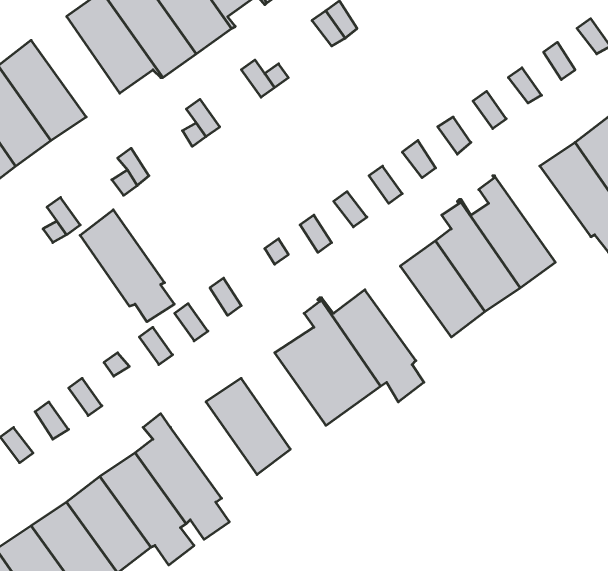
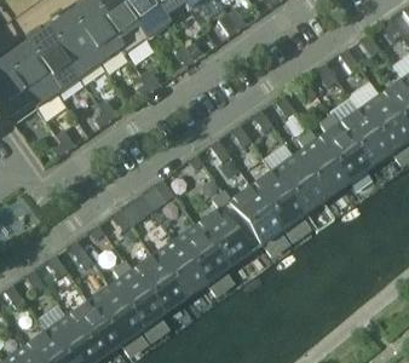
building: none -> [45,16,99,77]
building: none -> [330,108,390,167]
building: [80,210,174,322] -> [174,223,232,292]
building: none -> [250,169,309,237]
building: none -> [131,253,184,312]

